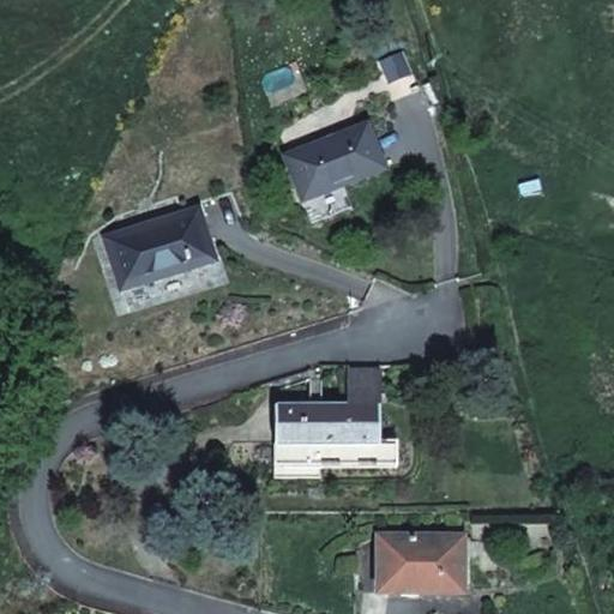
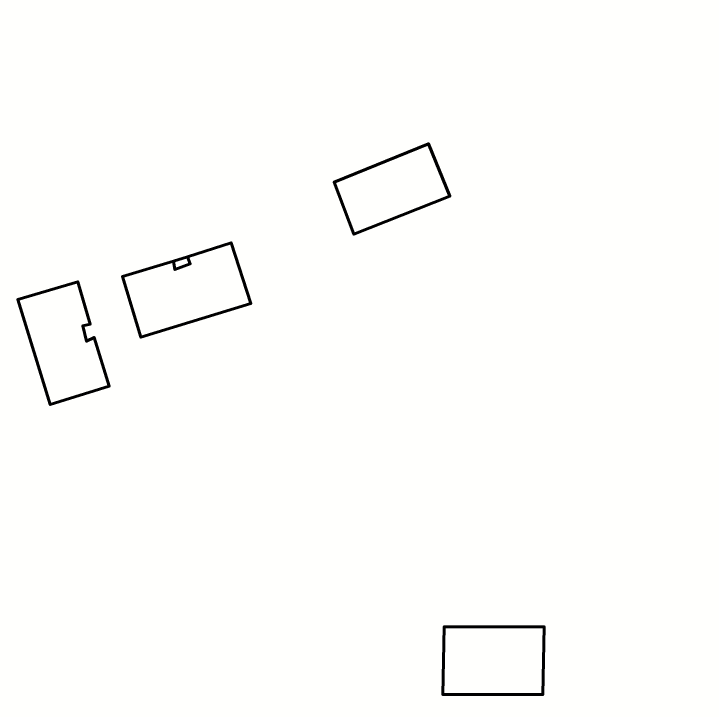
building: none -> [18,282,109,405]
building: [273,374,395,465] -> none

